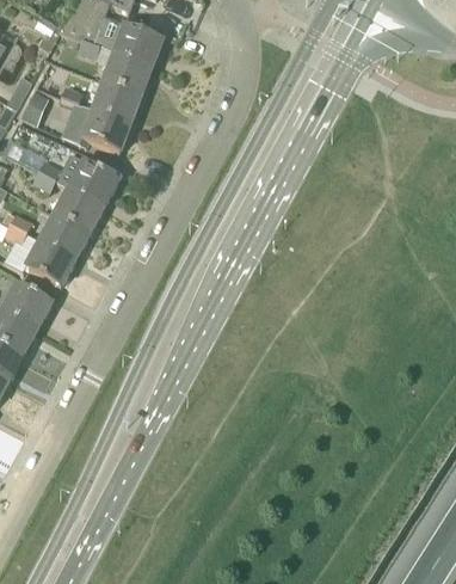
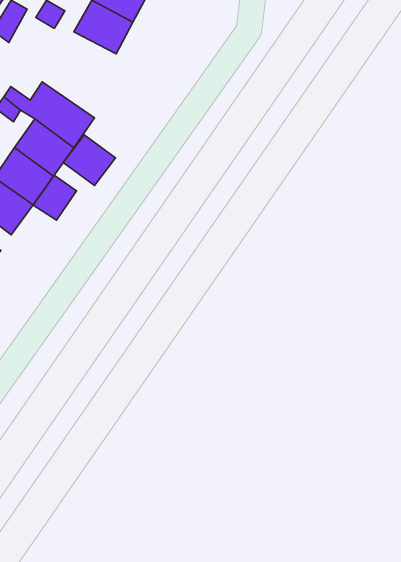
building: [81,109,130,153] -> none
building: none -> [63,135,115,186]
building: none -> [33,175,76,220]

